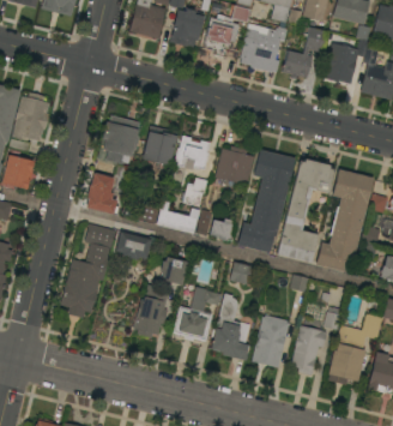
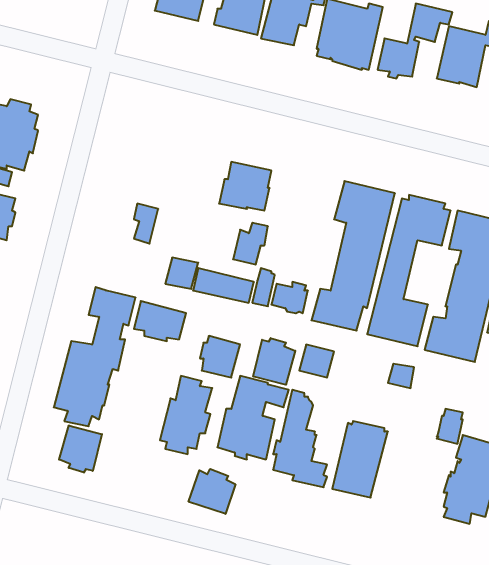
building: [97,115,144,163] -> none
building: [143,125,177,173] -> none
building: [216,145,254,187] -> none
building: [86,173,119,214] -> none
building: none -> [253,338,295,385]
building: none -> [59,425,102,473]
building: [291,324,327,374] -> none
building: none -> [189,469,235,514]

